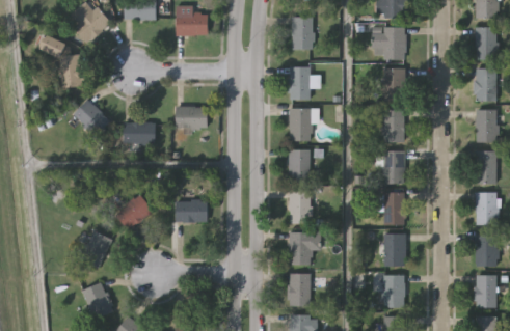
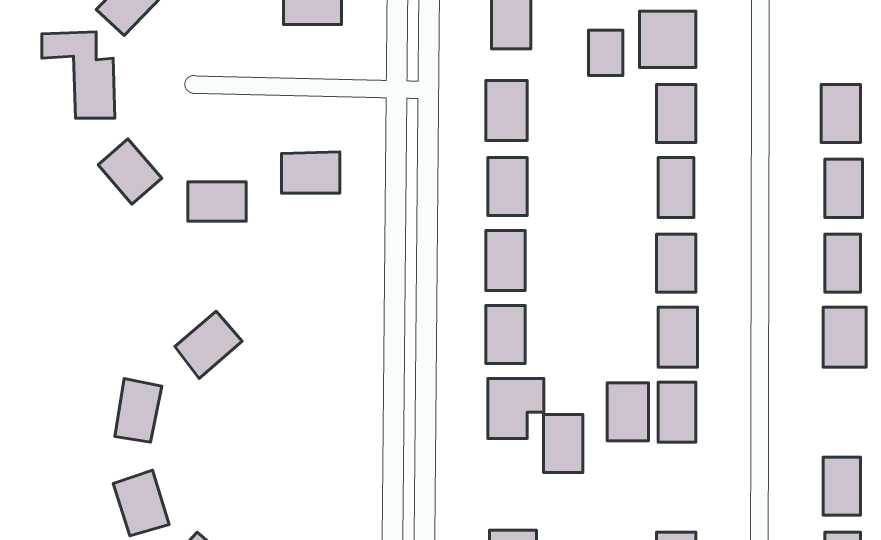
building: [475,27,496,59] -> none
building: none -> [589,30,623,76]
building: [176,200,207,222] -> none
building: [476,233,496,267] -> none
building: [288,274,310,306] -> [543,415,583,473]
building: [381,275,404,307] -> [607,383,648,441]

